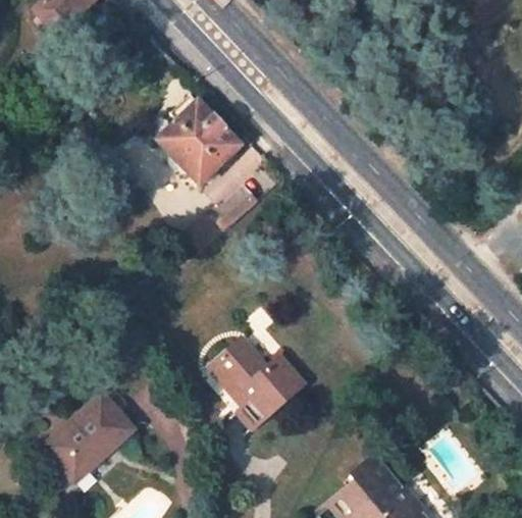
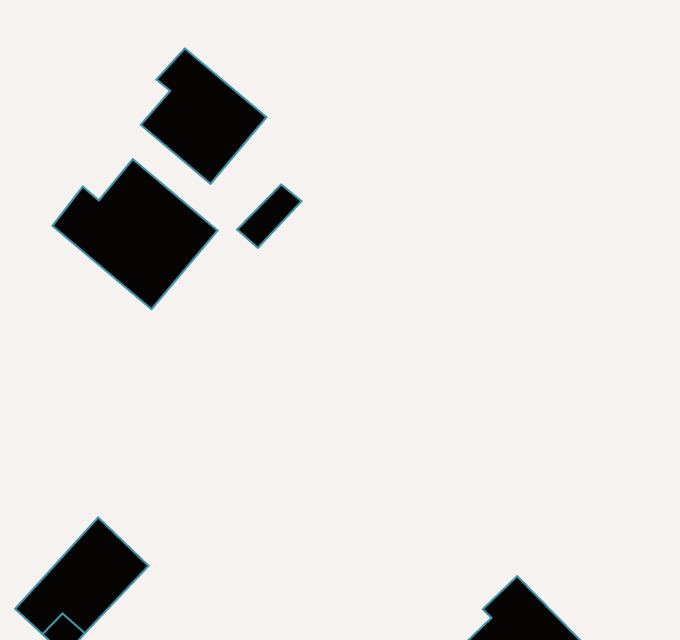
building: none -> [53,159,217,309]
building: [209,339,304,424] -> none

